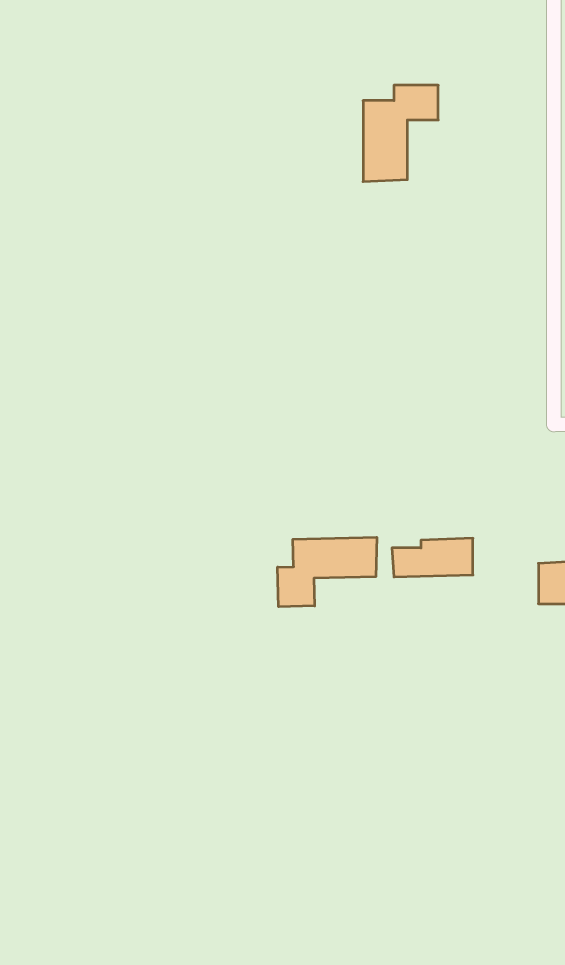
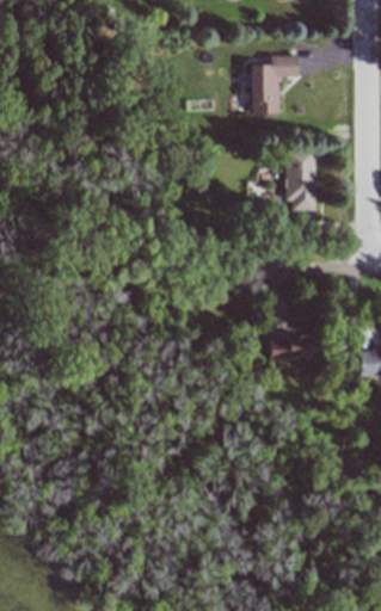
building: none -> [285,154,317,211]
building: [278,537,377,607] -> none

